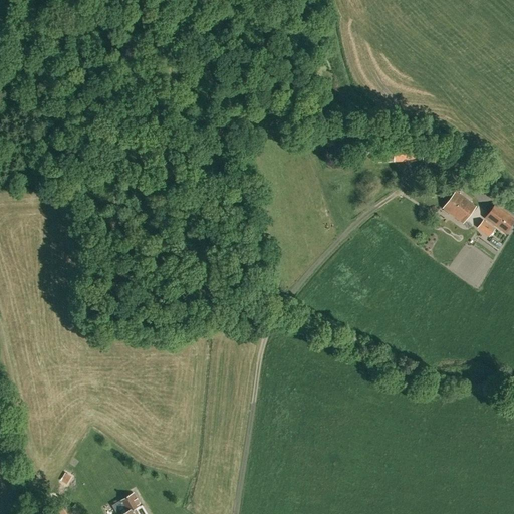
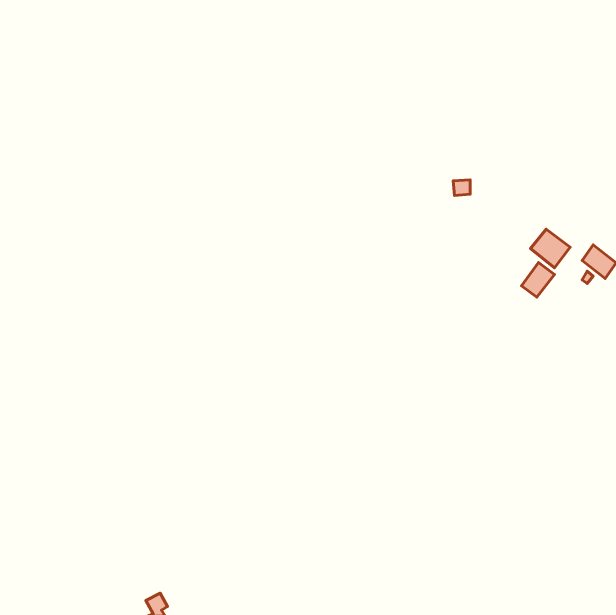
building: none -> [521,262,554,297]

